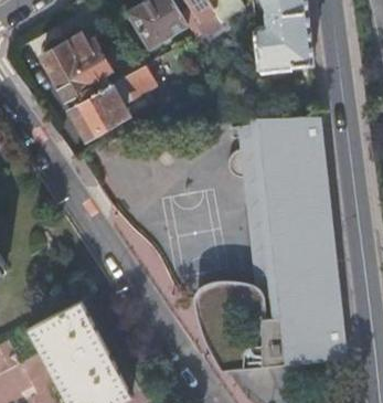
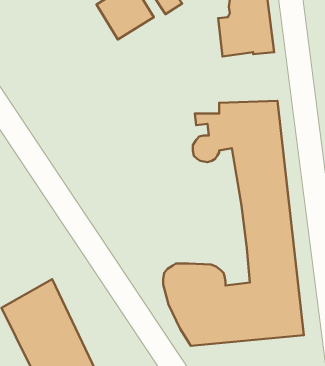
building: [43,36,156,137] -> none

